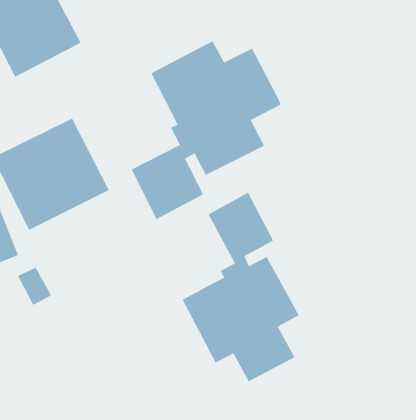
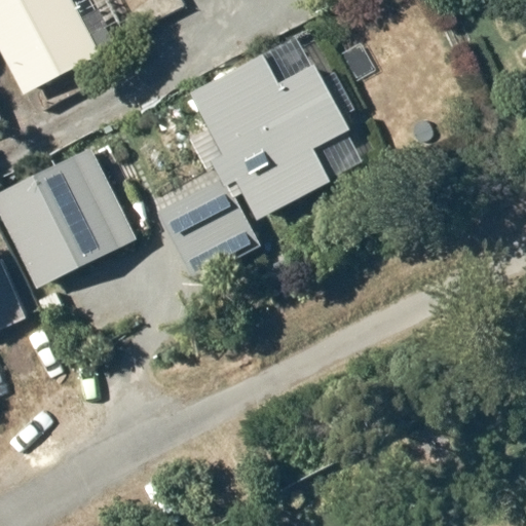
building: [182,192,299,382] -> none

